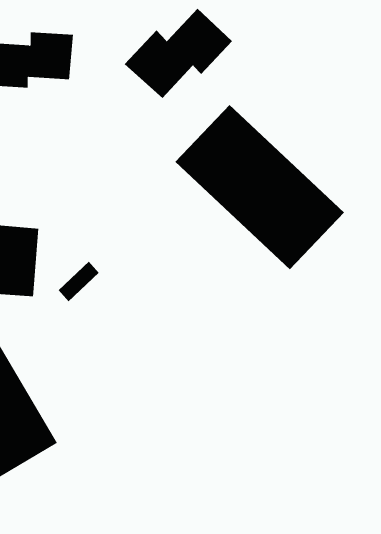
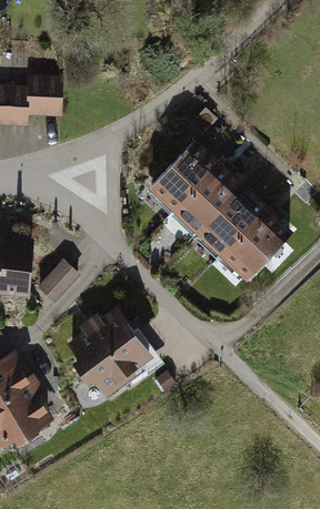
building: [124,8,233,99] -> none
building: none -> [61,304,154,397]

